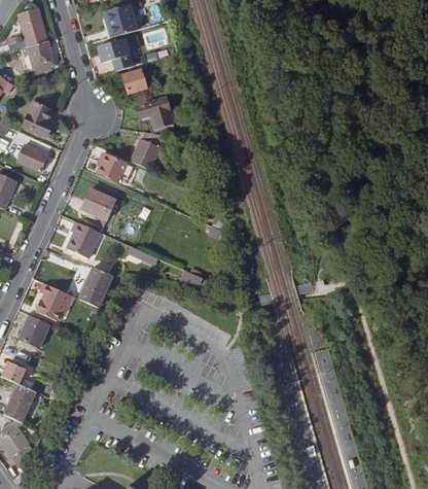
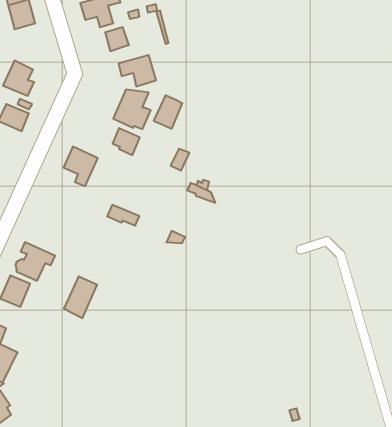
building: none -> [154,95,182,129]
building: [99,153,126,180] -> [113,128,140,155]
building: [67,220,100,257] -> none
building: [78,266,111,307] -> [64,276,97,318]

